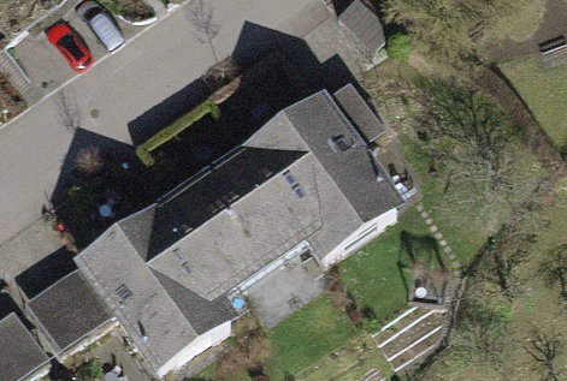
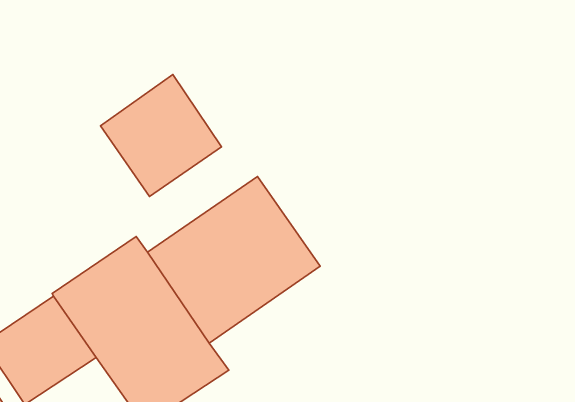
building: none -> [100,75,222,197]
building: [248,94,396,256] -> none

